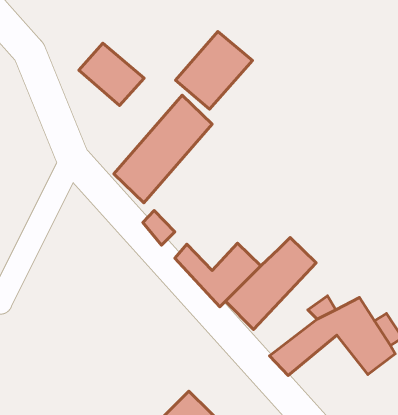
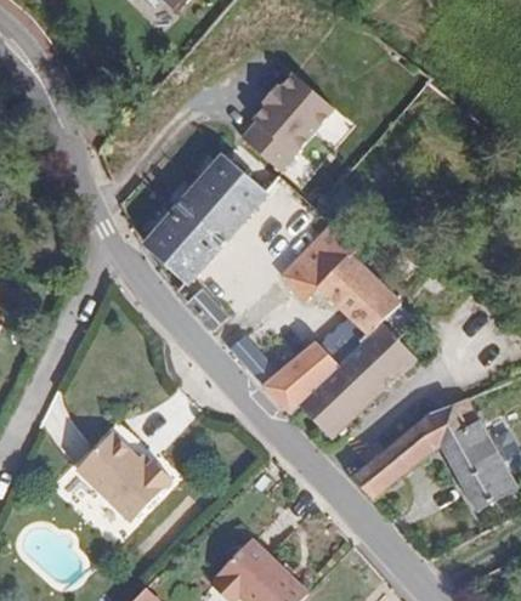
building: [79,43,144,106] -> none
building: none -> [282,229,401,345]
building: none -> [72,426,169,515]

